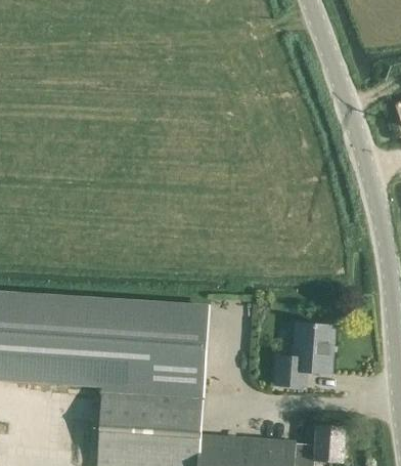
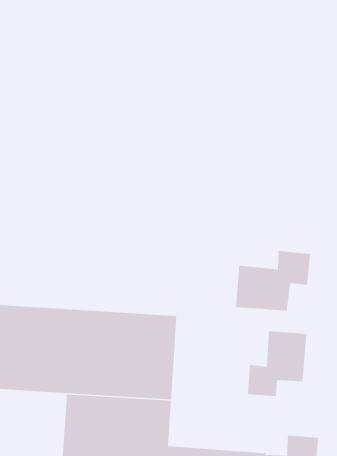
building: none -> [235,250,311,311]

